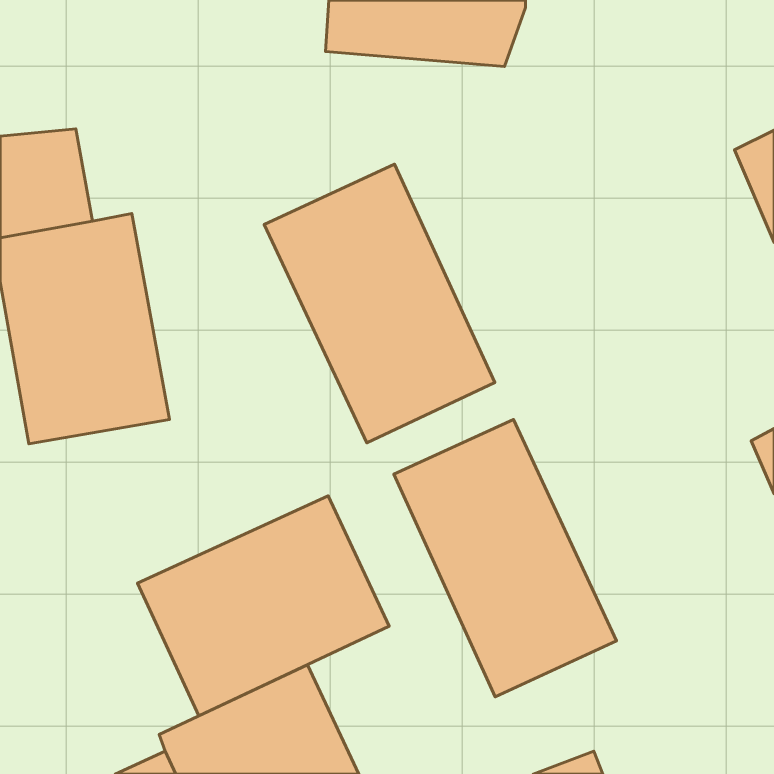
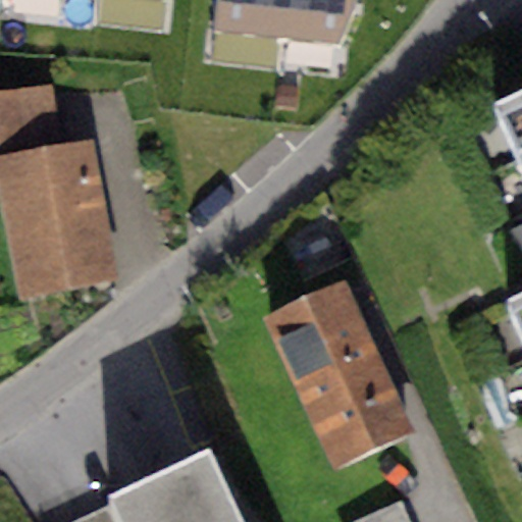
building: [264,164,495,443] -> none
building: [137,496,389,716] -> none

